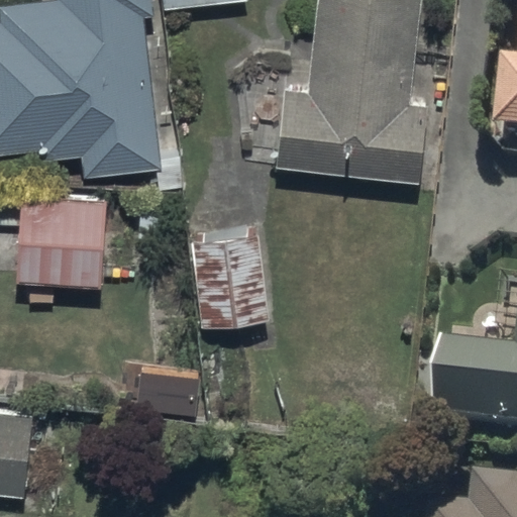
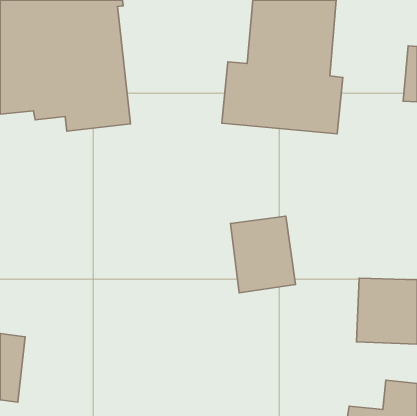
building: [13,195,105,290] -> none
building: [192,238,273,333] -> [230,216,296,293]

